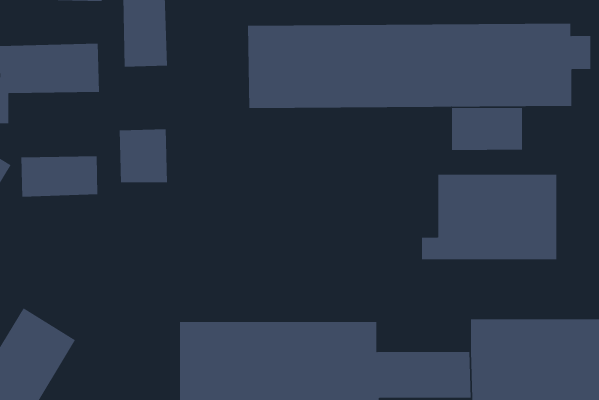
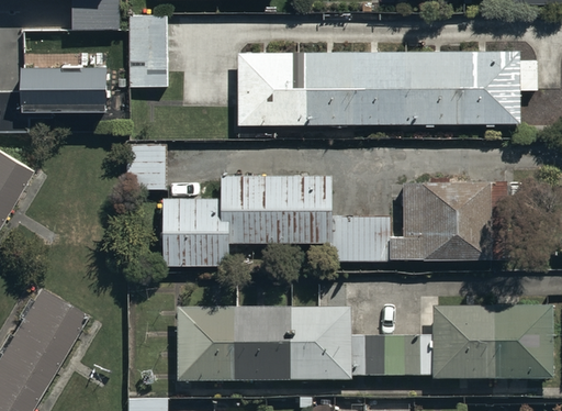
building: [451,107,523,151] -> none
building: [21,155,98,197] -> none
building: none -> [162,174,392,264]

